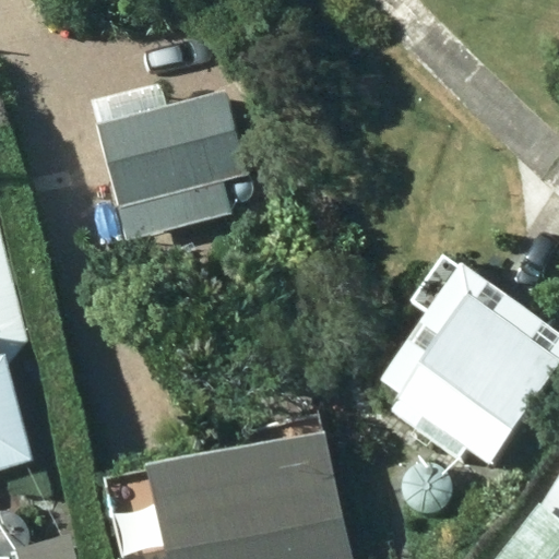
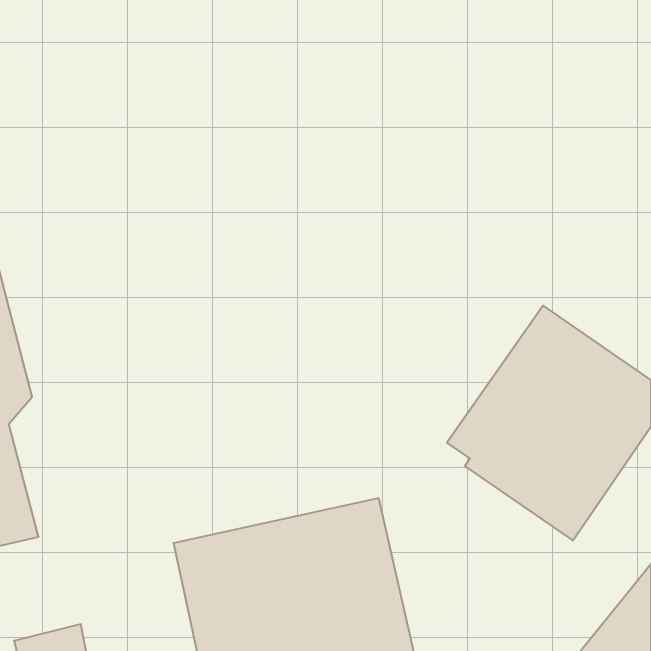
building: [91,85,259,241] -> none

